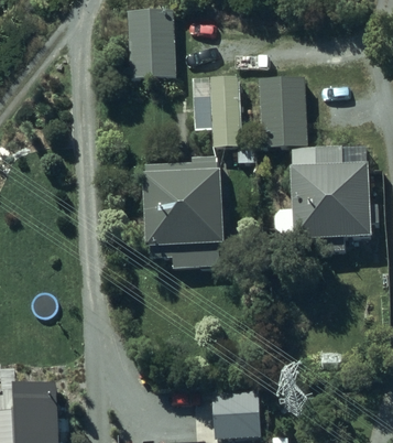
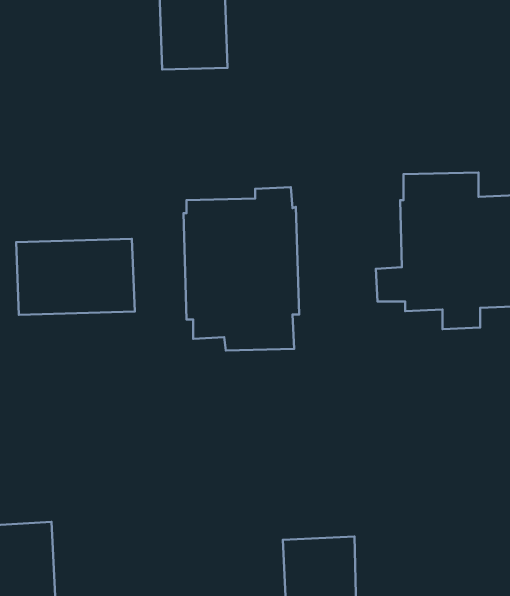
building: [194,76,240,149] -> none
building: [258,77,305,145] -> none
building: none -> [16,239,135,315]

